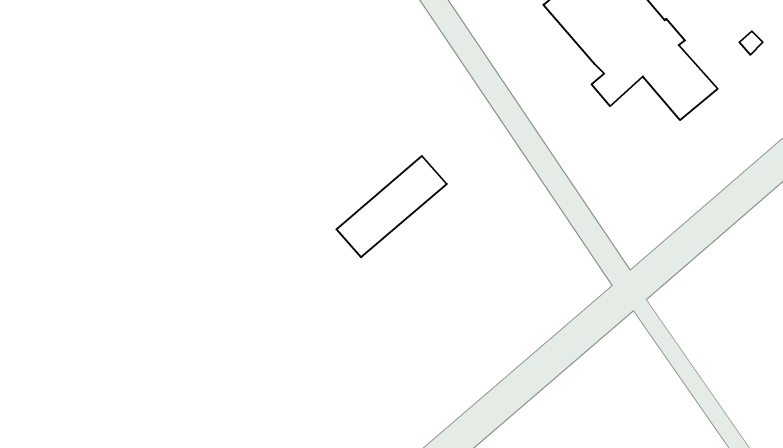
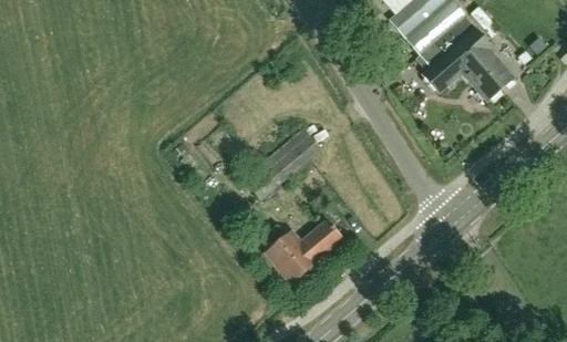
building: none -> [258,218,343,282]

